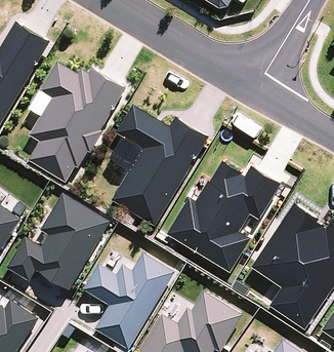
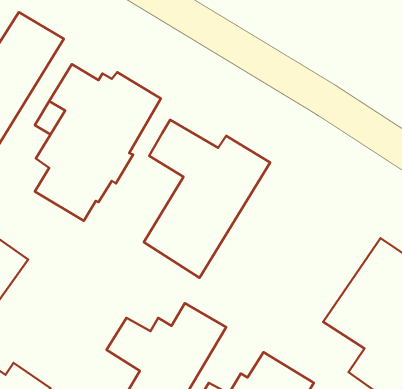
building: [167,164,282,276] -> none
building: [6,197,110,292] -> none

